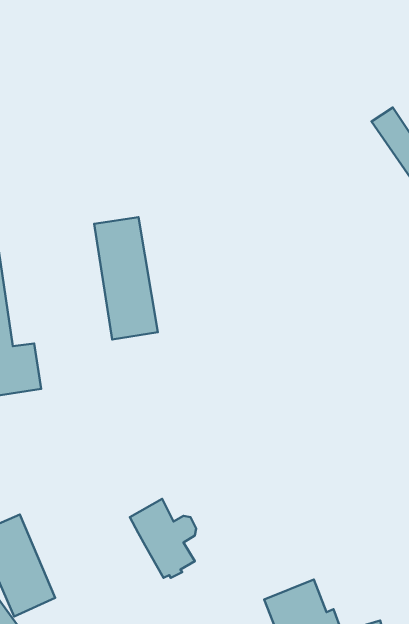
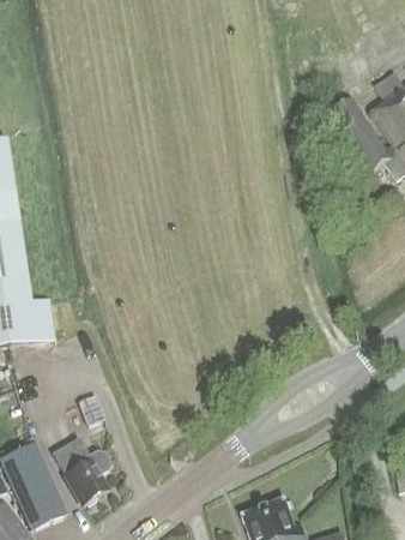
building: [94,217,158,340] -> none
building: [130,499,196,578] -> [53,436,109,503]

